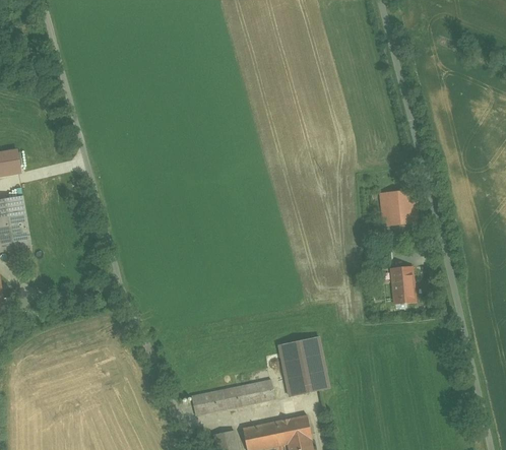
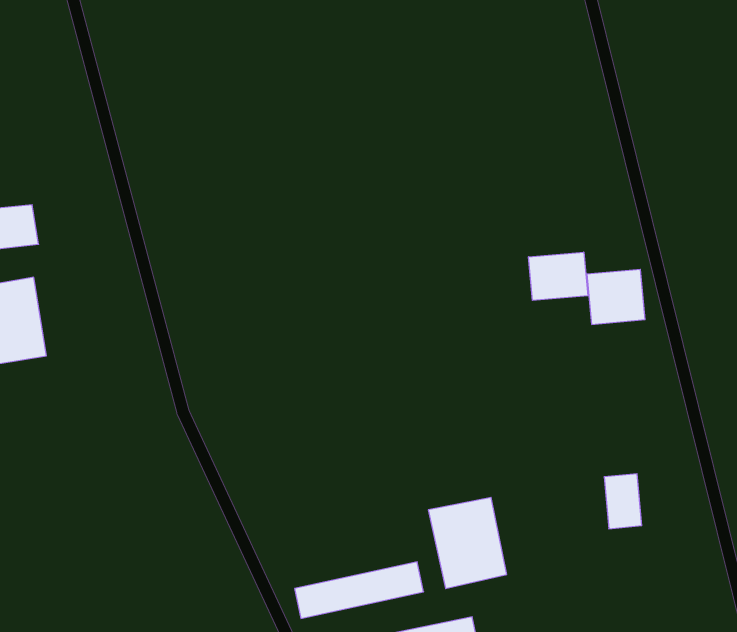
building: none -> [529,252,588,300]
building: [390,267,415,303] -> [604,474,642,529]

